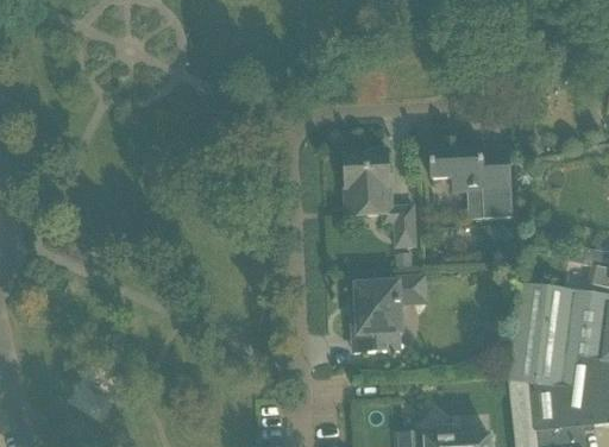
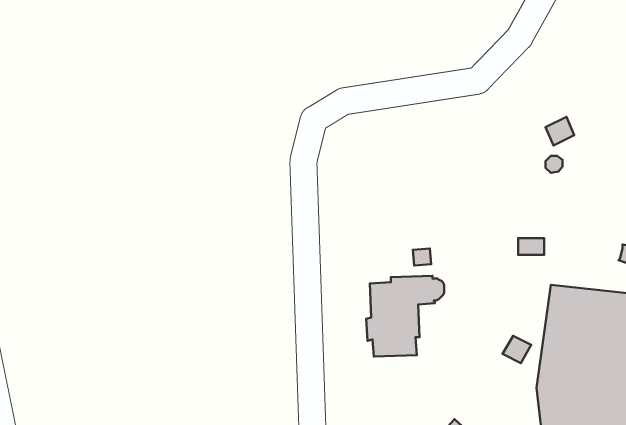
building: [431,136,513,218] -> none
building: [343,150,416,246] -> none

